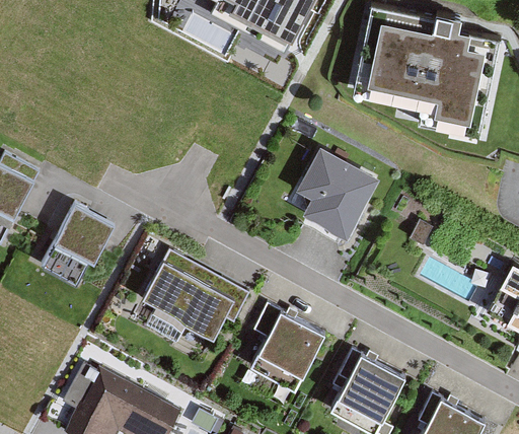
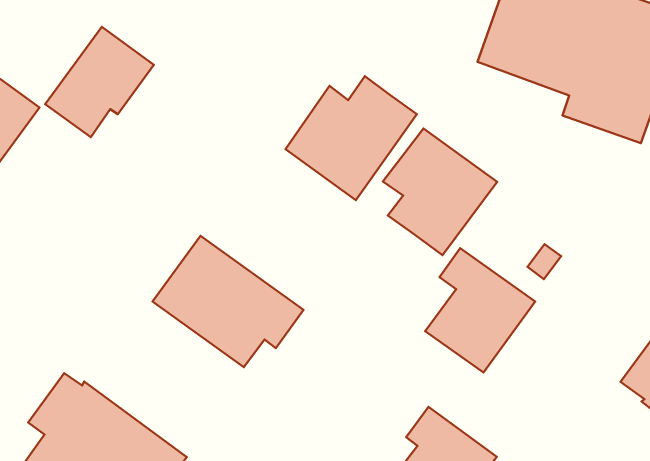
building: none -> [285,76,417,200]
building: [42,203,117,284] -> [45,27,154,137]
building: [249,304,326,392] -> [425,248,535,373]

